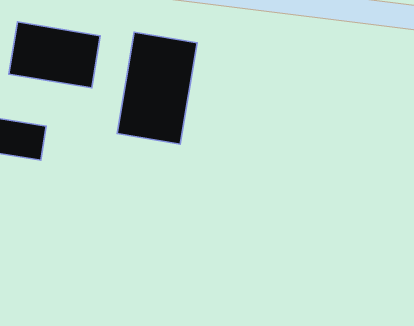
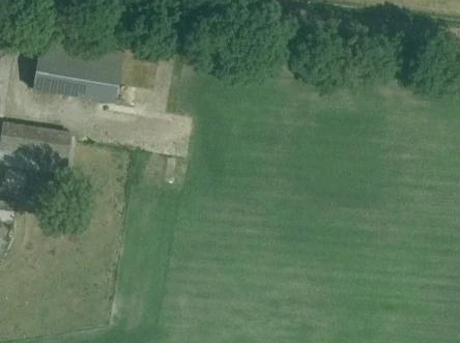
building: [117,32,197,144] -> none

